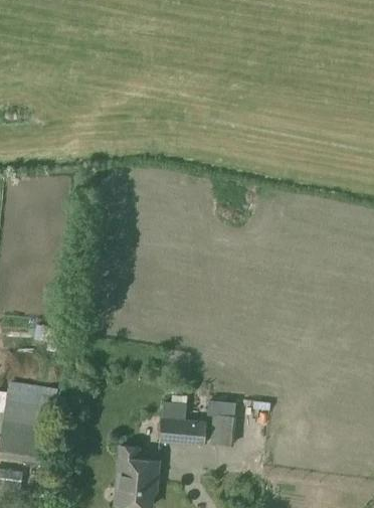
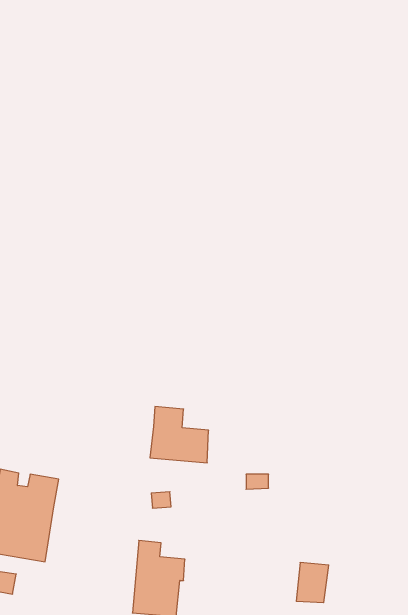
building: [158,401,205,447] -> [150,407,209,463]
building: [210,412,236,445] -> [296,563,329,603]

